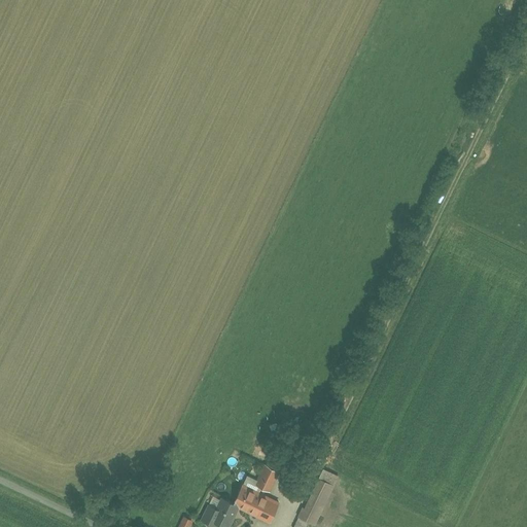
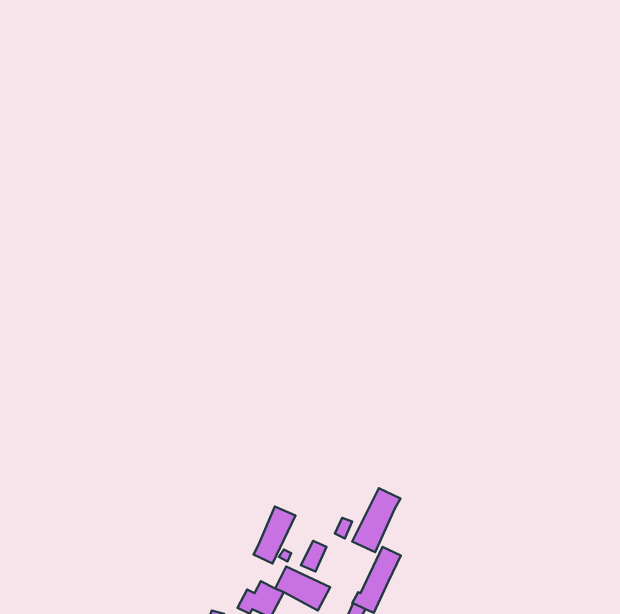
building: none -> [352,488,400,552]
building: none -> [253,506,296,563]

